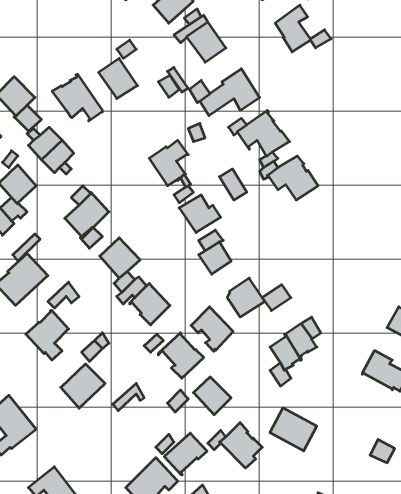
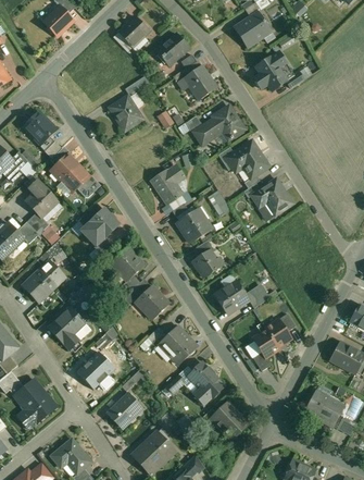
building: [52,74,102,121] -> none
building: [191,307,233,351] -> none
building: [270,408,317,451] -> [304,390,343,426]
building: [164,433,207,475] -> [106,393,142,428]

